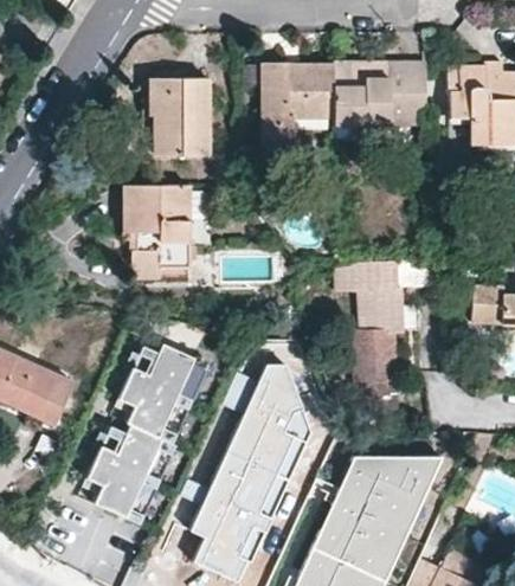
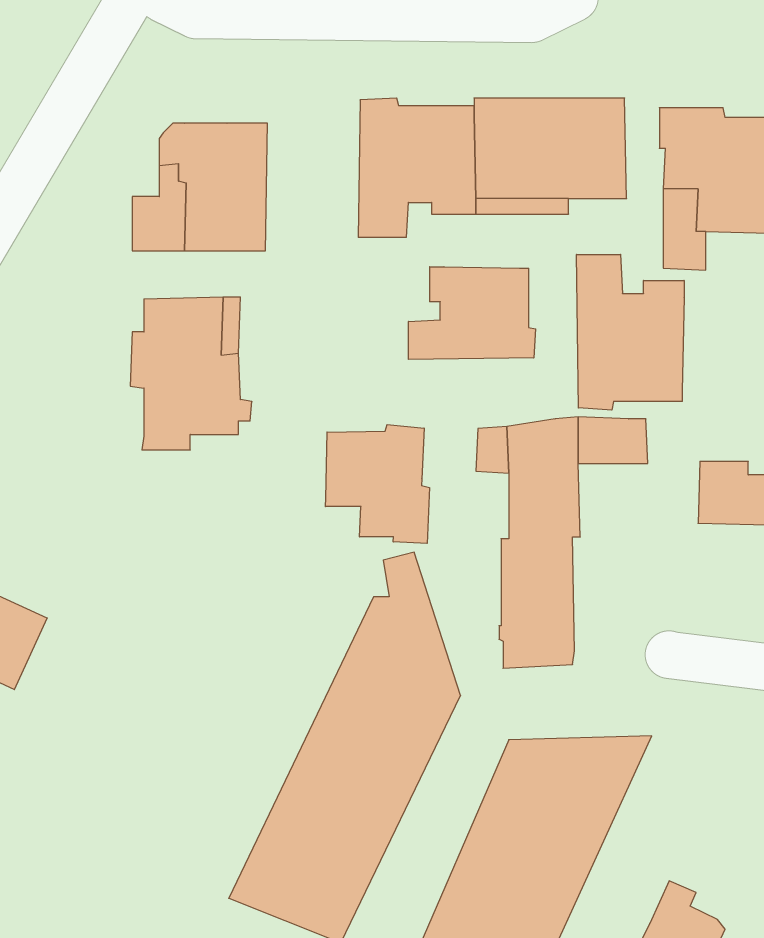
building: none -> [577,254,684,410]
building: none -> [409,267,536,359]
building: none -> [325,425,429,543]
building: [82,346,206,522] -> none

